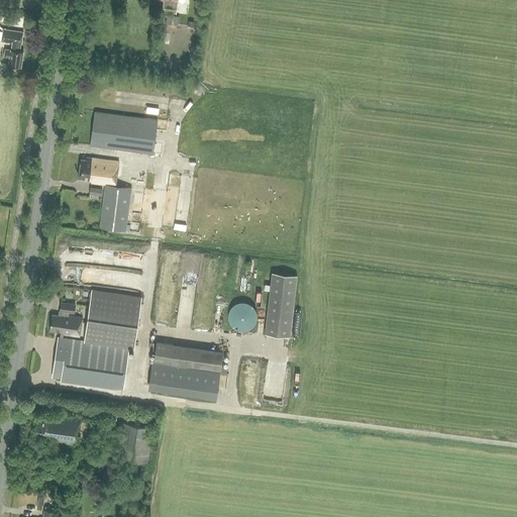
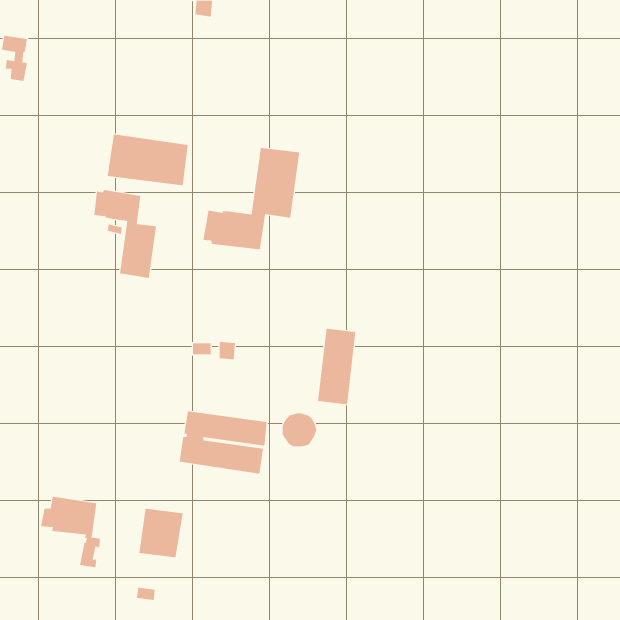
building: none -> [203,147,300,250]
building: [49,291,141,389] -> none
building: [227,303,256,331] -> [282,413,317,447]

